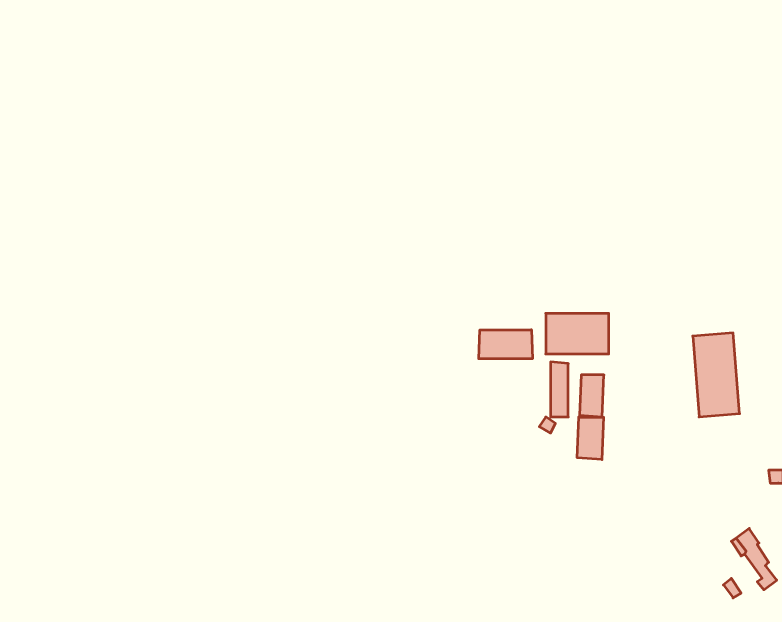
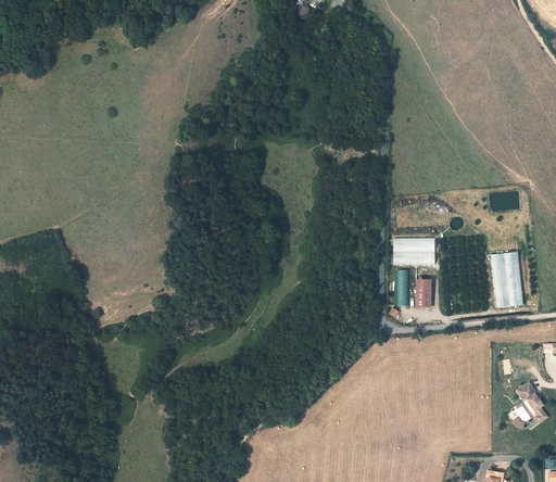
building: [479,330,532,359] -> none
building: [577,417,604,460] -> none

